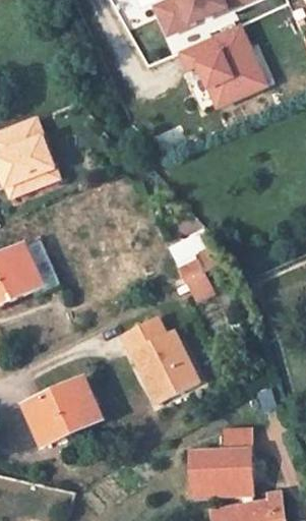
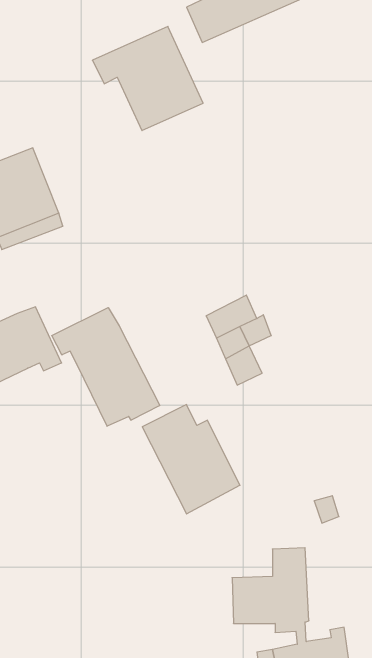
building: [180,25,266,107] -> [92,26,203,131]
building: none -> [52,308,160,426]
building: [25,380,102,445] -> none

